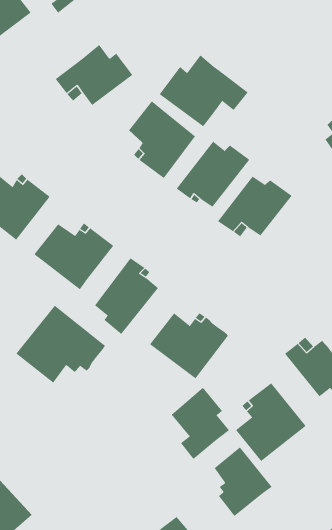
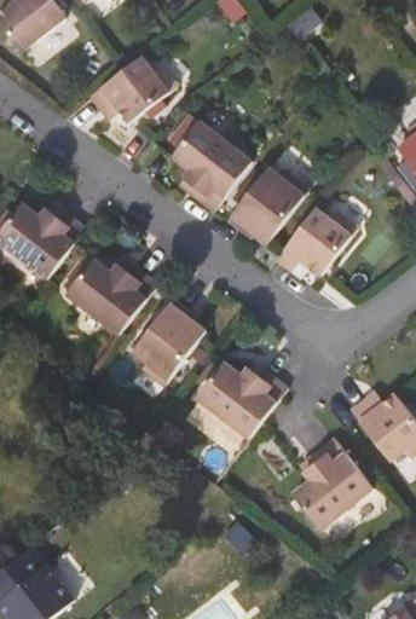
building: [159,55,248,127] -> none
building: [15,305,106,383] -> none
building: [171,387,230,460] -> none
building: [214,447,272,517] -> none

